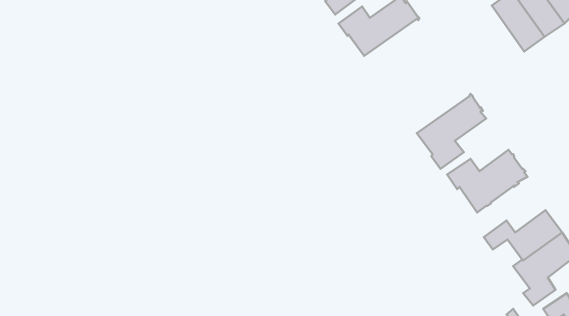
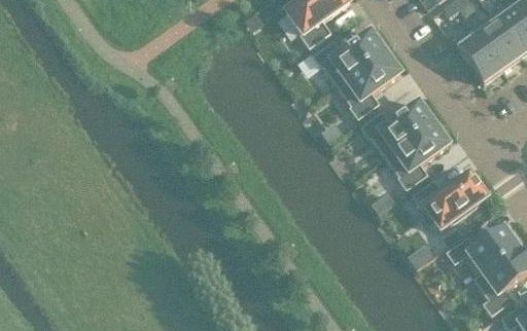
building: none -> [338,51,401,118]
building: none -> [362,101,434,156]

